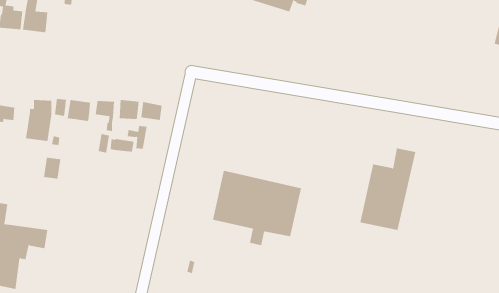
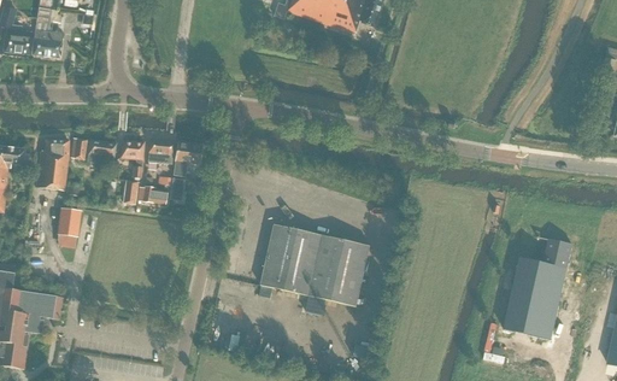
building: [360,148,416,231] -> [503,239,571,339]

